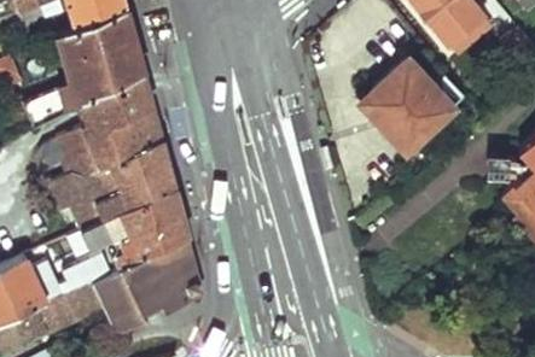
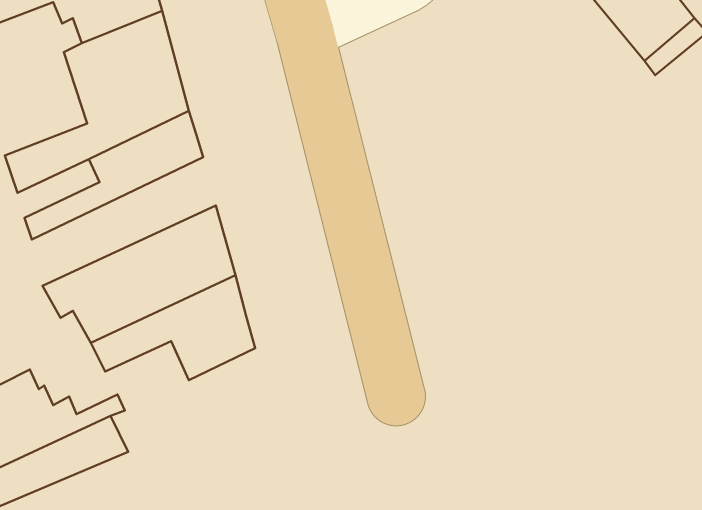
building: [360,54,461,150] -> none
building: [36,109,161,195] -> none
building: [89,238,200,333] -> none

